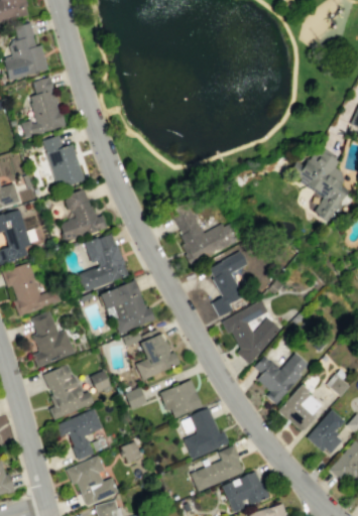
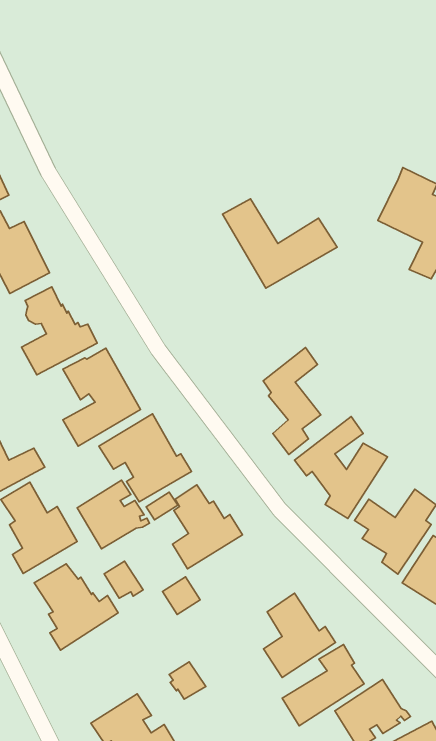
building: [169,203,239,261] -> [223,199,337,288]
building: none -> [77,480,150,549]
building: [158,380,202,418] -> none
building: [53,408,102,461] -> none

